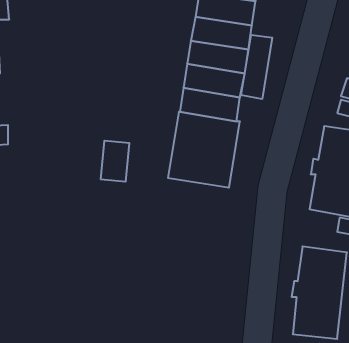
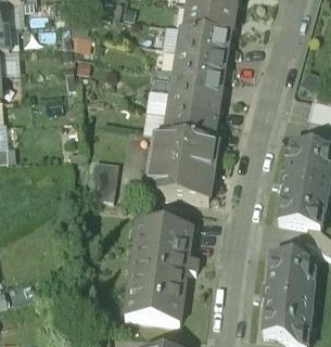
building: [241,35,272,99] -> none
building: none -> [126,221,196,321]

